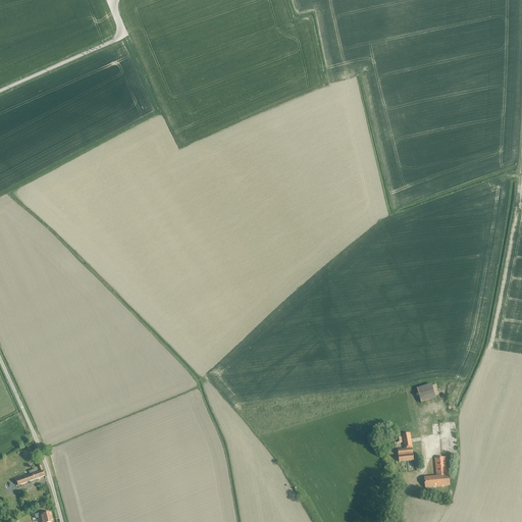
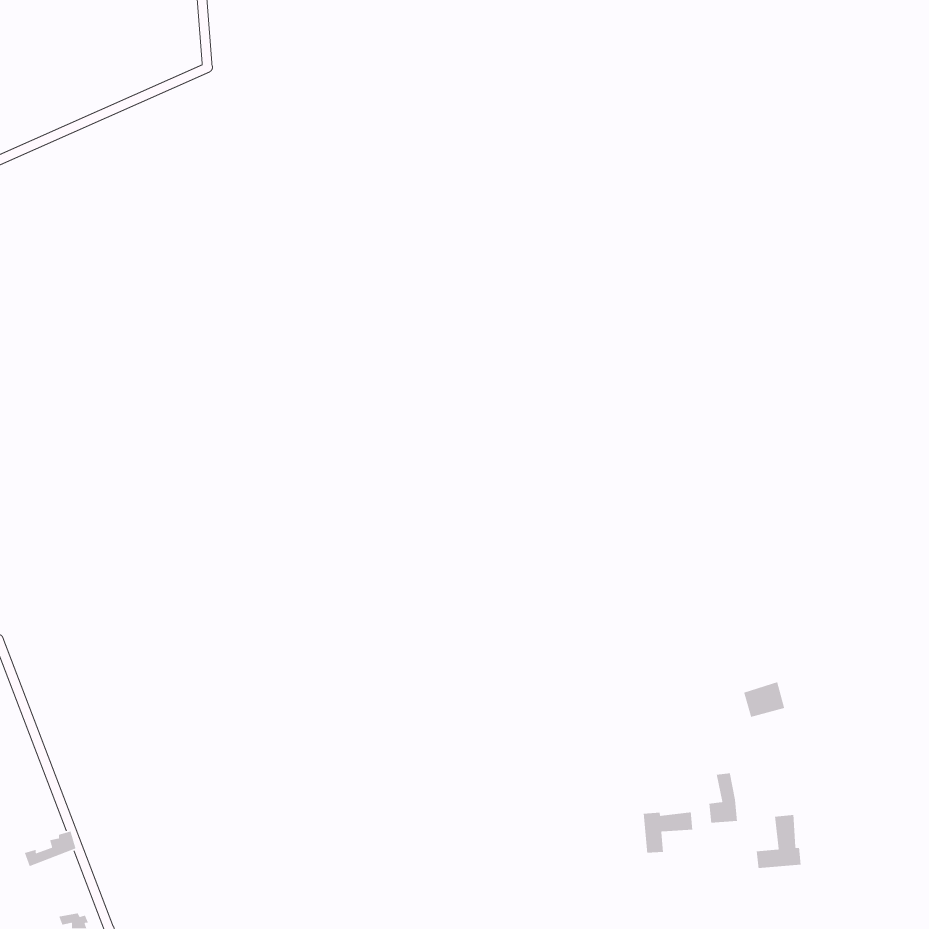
building: none -> [643,811,693,854]

